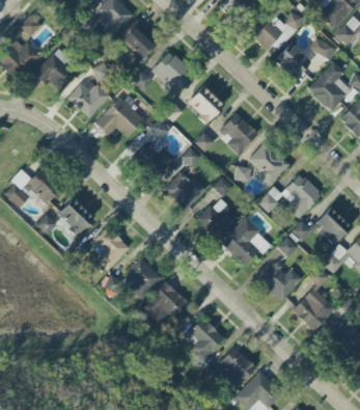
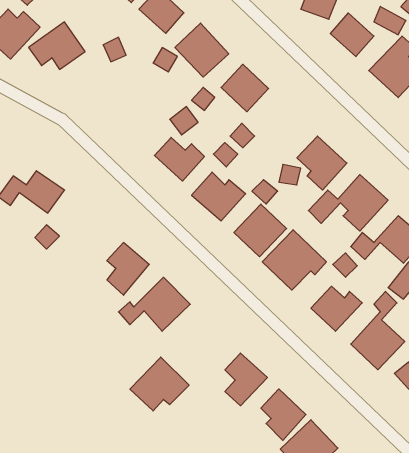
building: [67,77,109,118] -> none
building: [94,97,144,138] -> none
building: [220,113,258,155] -> none
building: [55,197,93,236] -> none
building: [140,280,188,324] -> [130,357,189,411]

